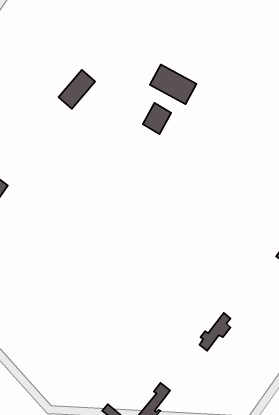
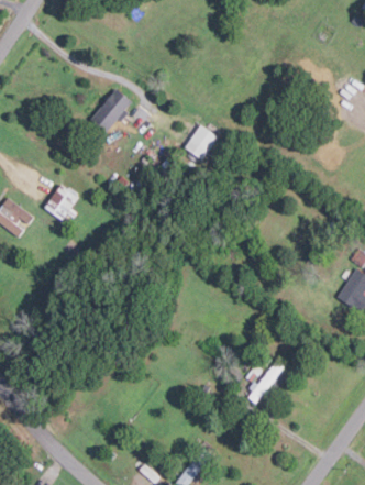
building: [150,65,197,104] -> none
building: none -> [43,184,79,221]

